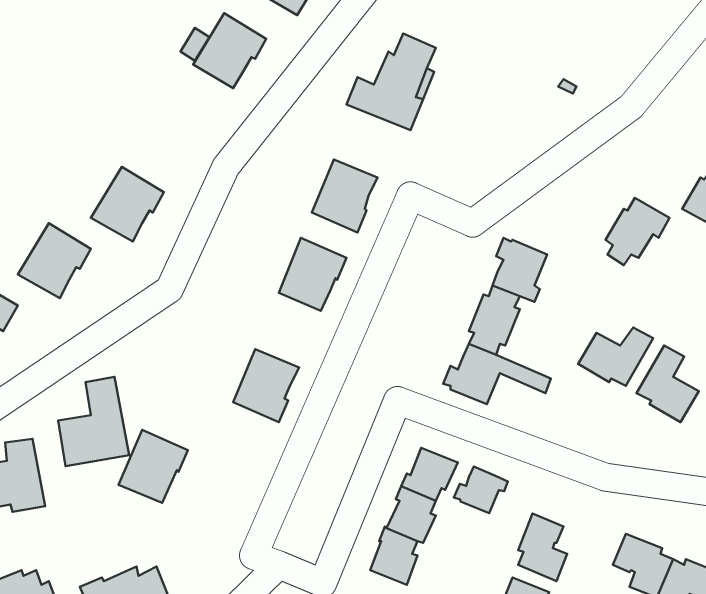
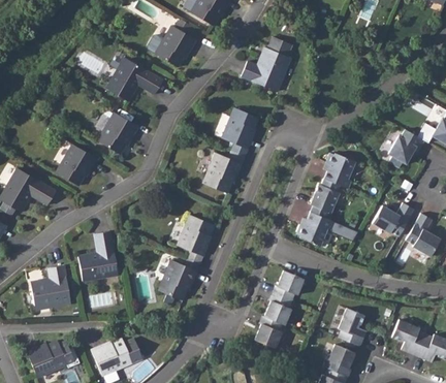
building: none -> [106,57,163,101]
building: [118,430,188,503] -> [158,259,197,300]
building: [454,467,508,513] -> none

